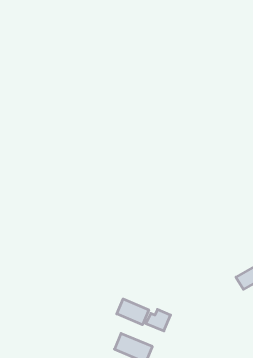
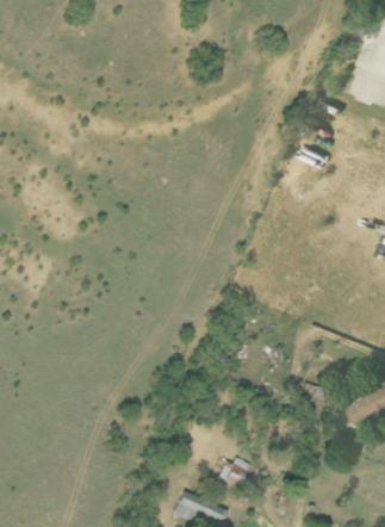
building: [117,299,149,325] -> none

